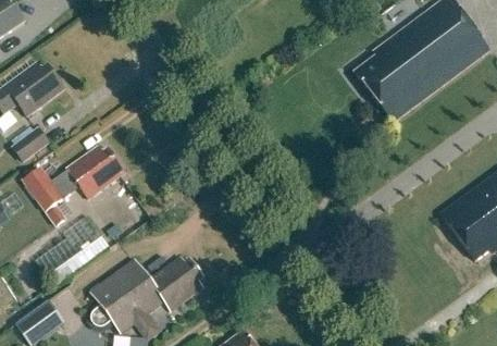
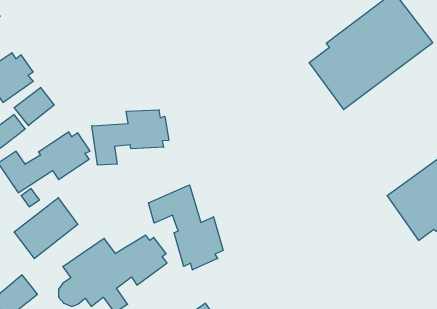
building: none -> [14,87,54,126]
building: none -> [92,110,169,165]
building: none -> [148,185,223,270]

